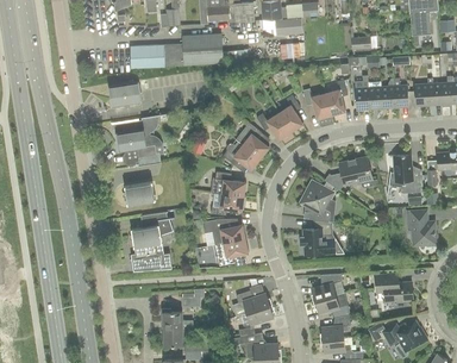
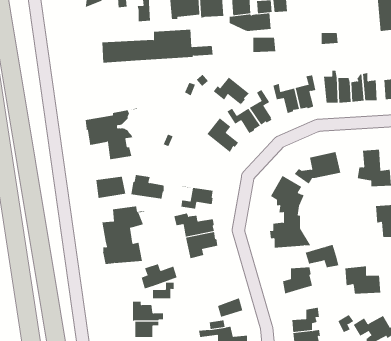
building: [107,81,142,108] -> none
building: [223,138,259,170] -> [213,73,249,105]
building: [211,171,245,196] -> [130,174,165,199]
building: [232,290,269,317] -> [141,263,177,289]
building: [314,293,349,317] -> [305,244,339,268]

